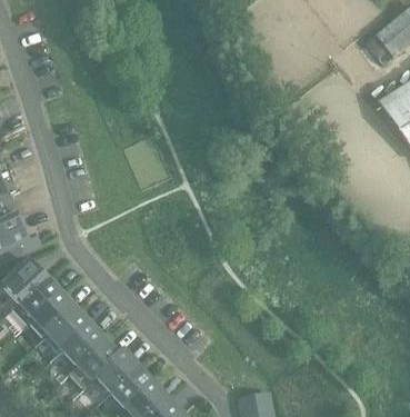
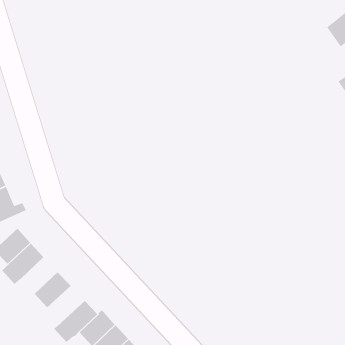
building: [33,294,73,334] -> none
building: [57,325,103,371] -> none

